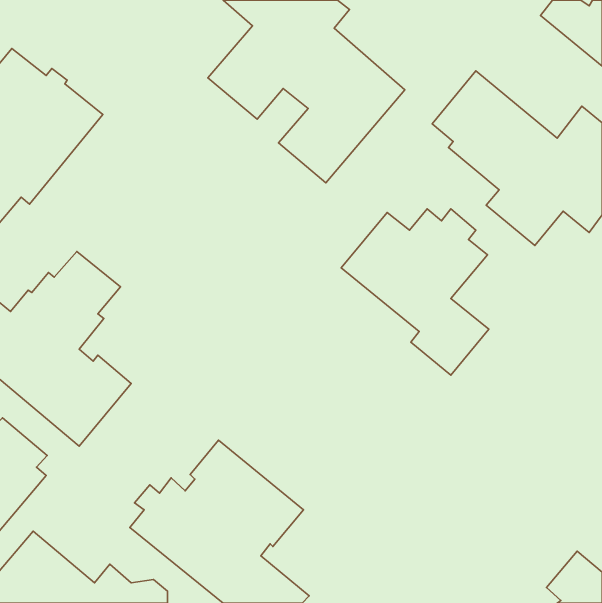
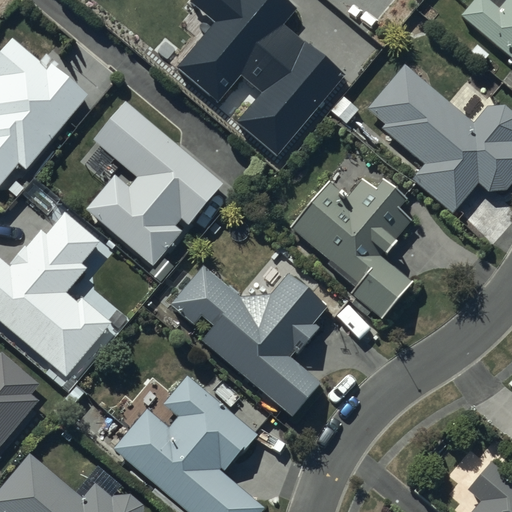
building: none -> [86,102,226,270]
building: none -> [175,272,327,421]

